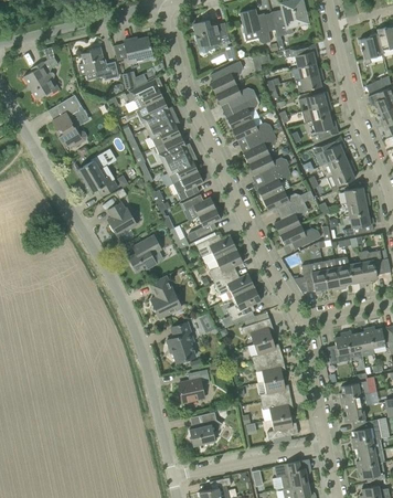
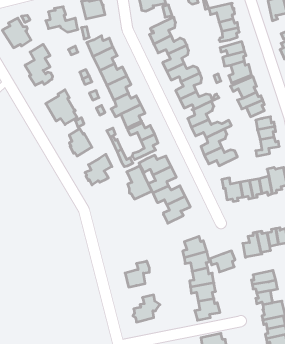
building: [150,276,182,318] -> [127,166,152,199]
building: [242,318,274,345] -> [210,251,235,272]
building: [167,322,197,363] -> none

